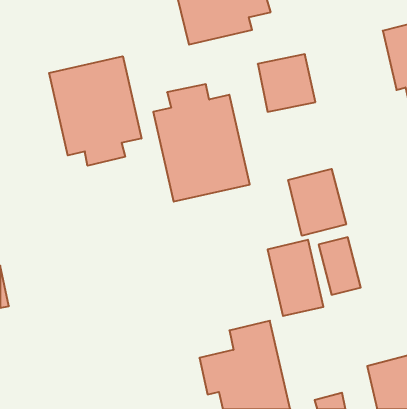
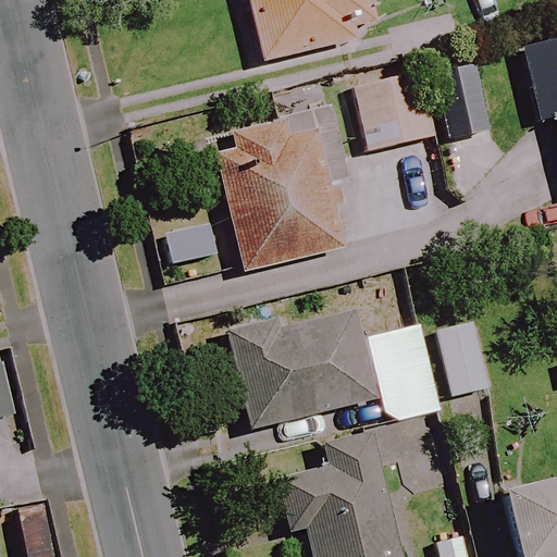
building: [49,56,141,166] -> none
building: [288,169,346,236] -> none
building: none -> [227,310,376,430]

